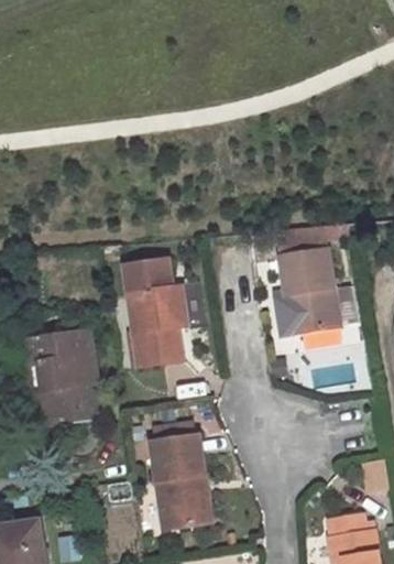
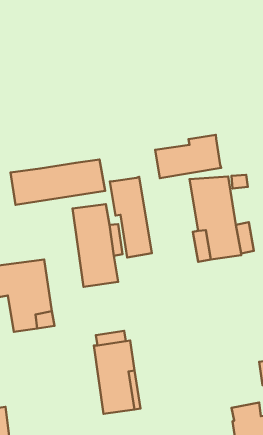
building: none -> [155,135,221,178]
building: none -> [11,160,105,205]
building: none -> [110,177,152,258]

